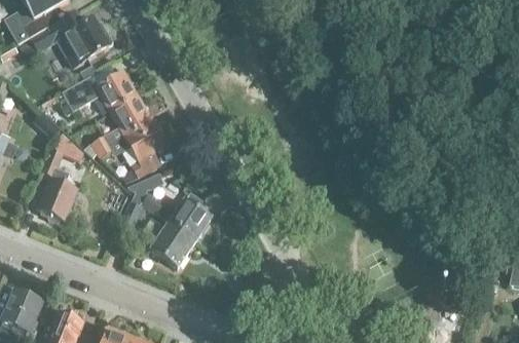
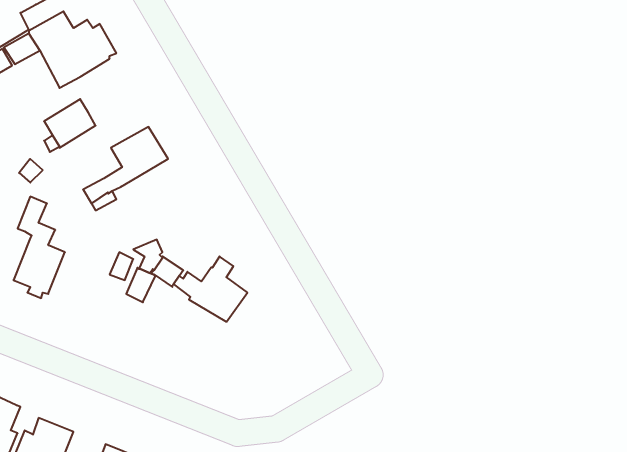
building: [97,70,139,111] -> none
building: [118,119,168,177] -> none
building: [143,218,196,266] -> none

